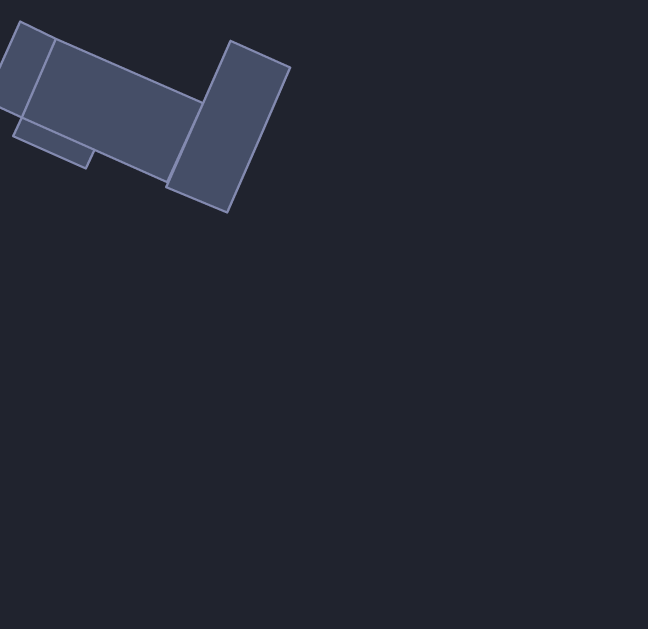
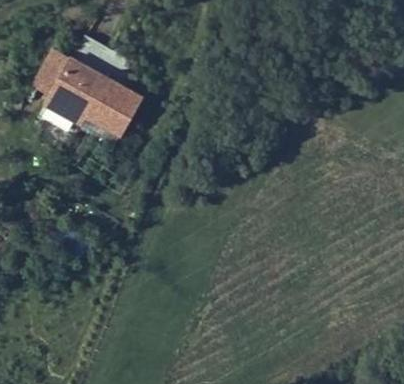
building: [166,41,290,213] -> none

